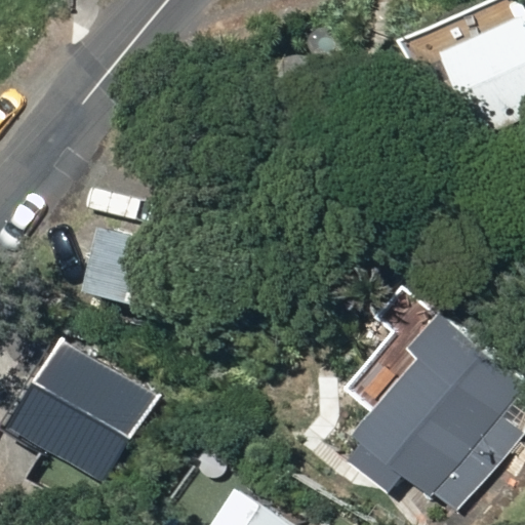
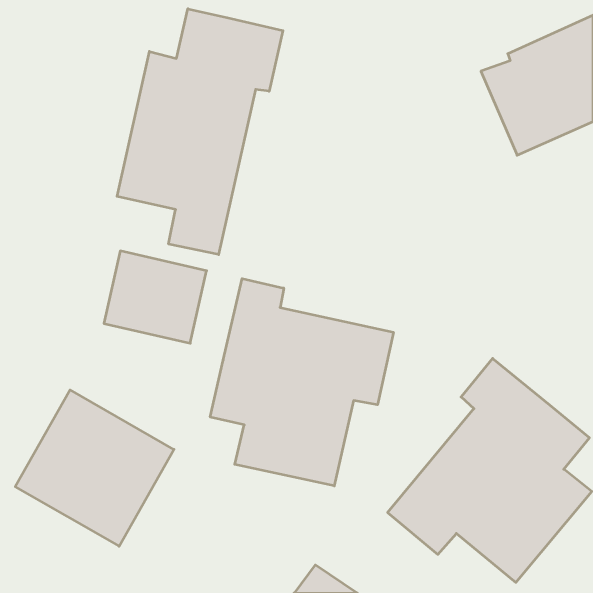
building: none -> [117,9,283,255]
building: none -> [210,279,393,486]

